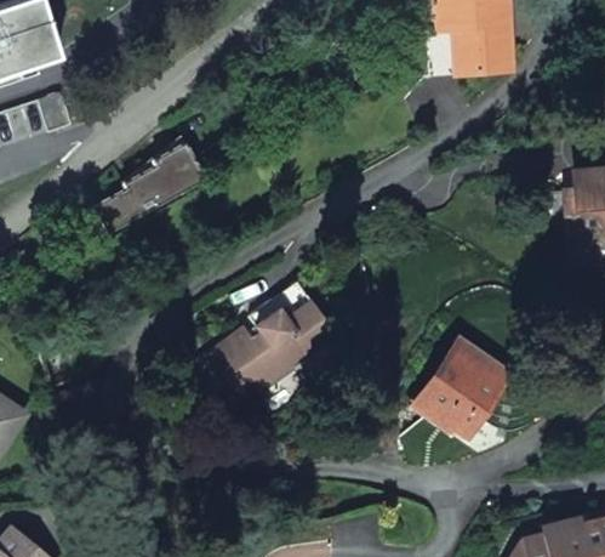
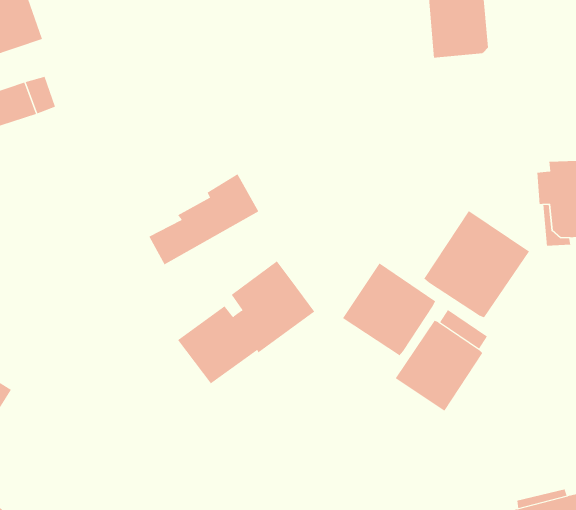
building: [95,142,207,235] -> [149,174,259,265]
building: none -> [423,210,530,318]
building: none -> [342,262,436,356]

